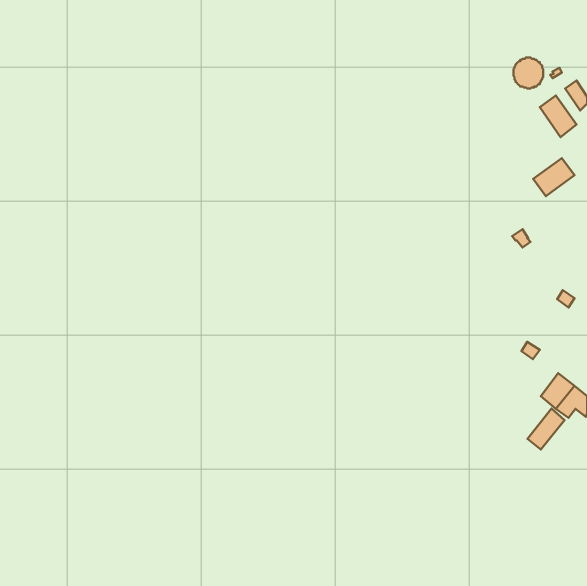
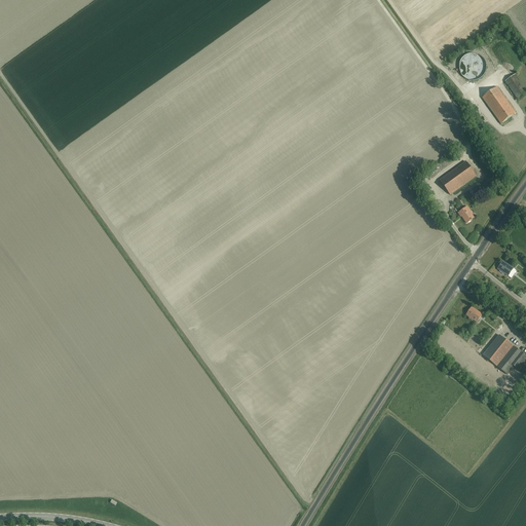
building: [533,158,575,196] -> [439,159,476,193]
building: [528,408,565,450] -> none

